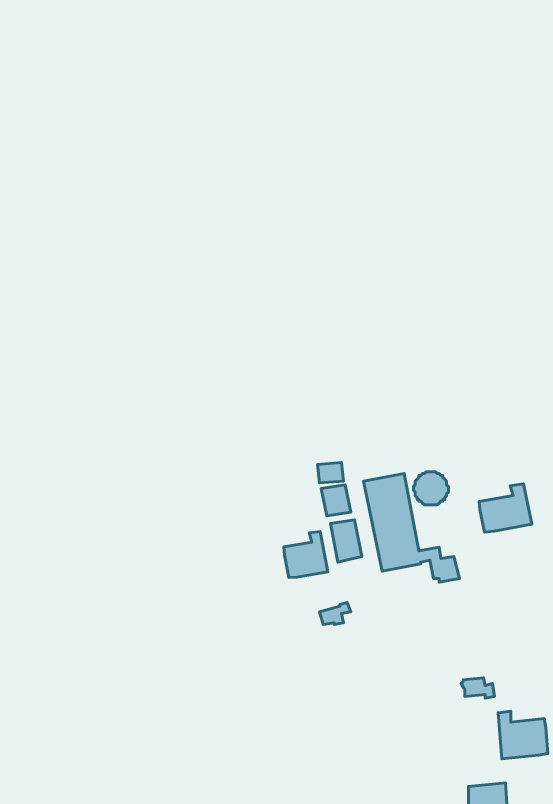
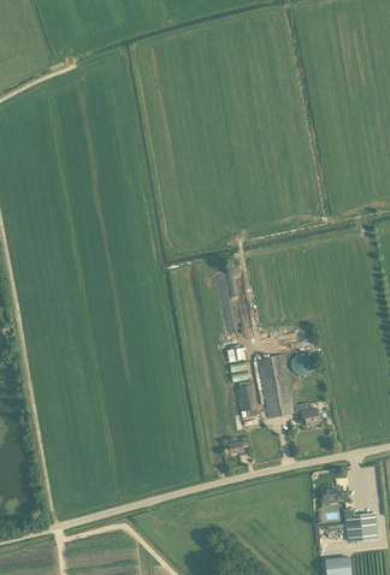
building: [479,484,532,532] -> none
building: [284,531,328,578] -> none

